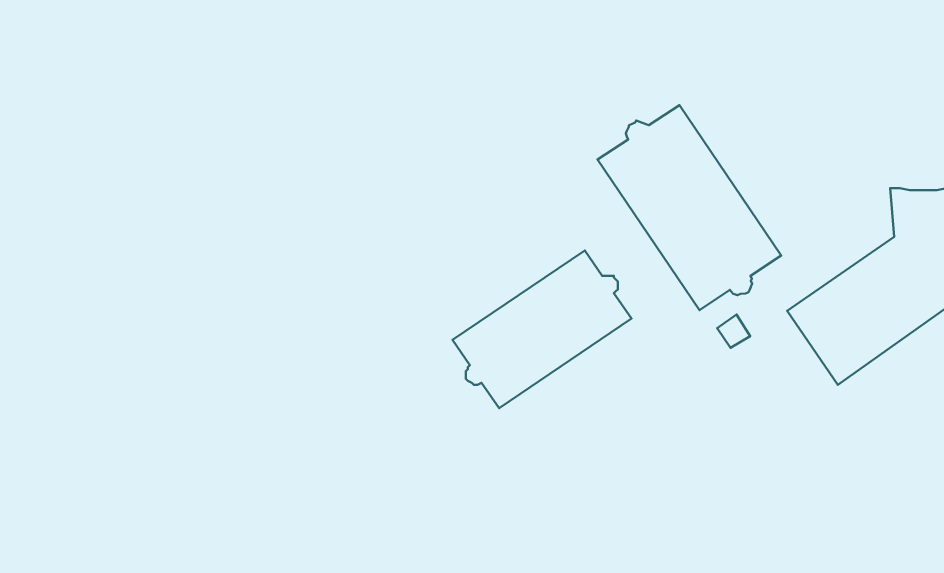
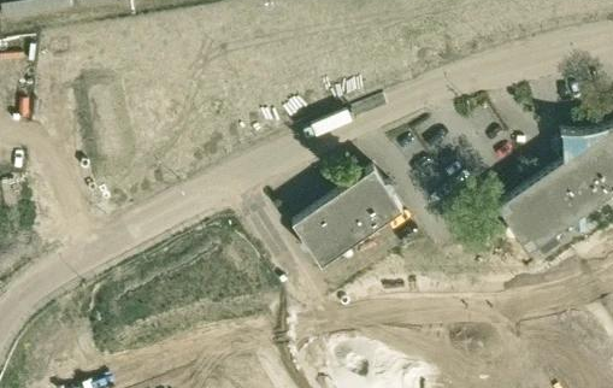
building: [598,105,781,310] -> none

